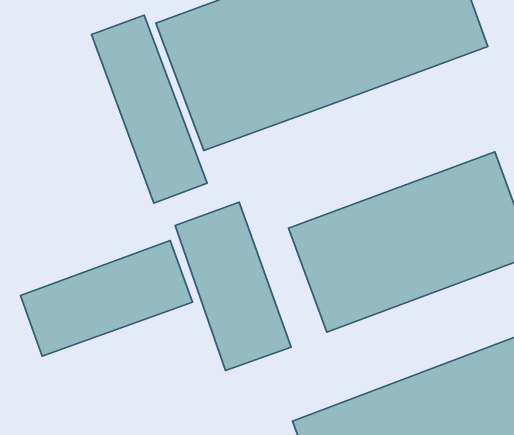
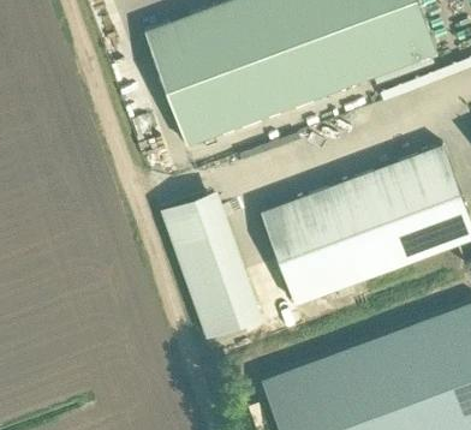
building: [92,15,207,203] -> none
building: [21,241,192,356] -> none

